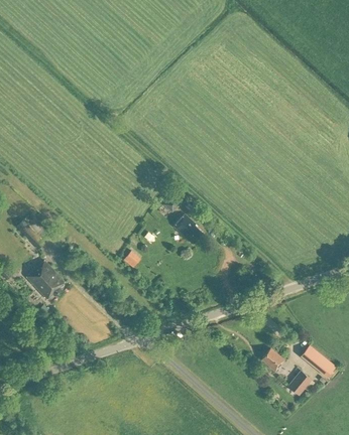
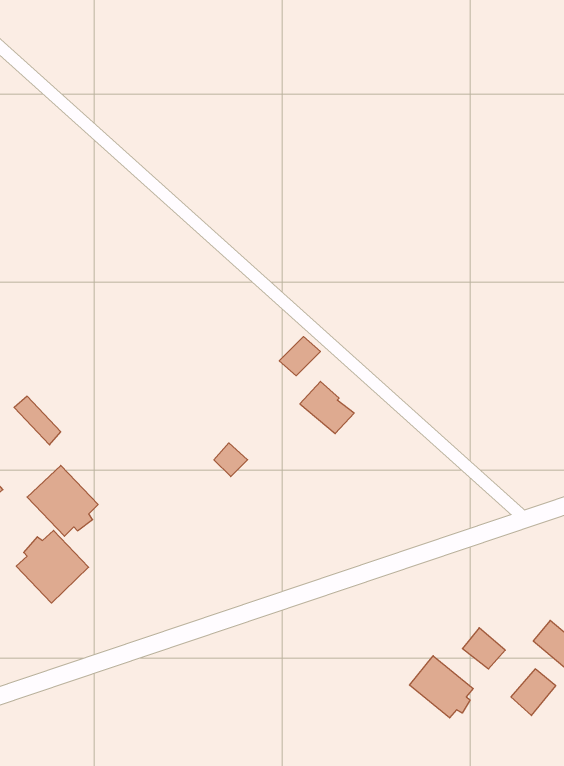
building: none -> [16,530,89,603]
building: none -> [409,656,473,718]

